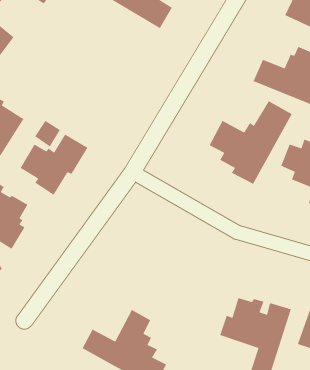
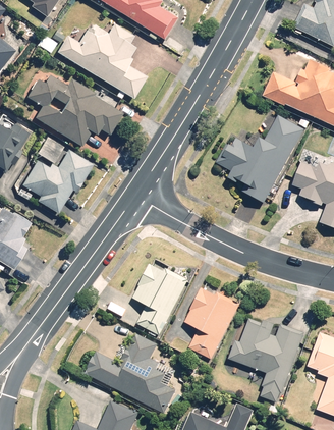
building: none -> [39,22,147,99]
building: none -> [27,73,124,147]
building: none -> [132,263,186,334]
building: none -> [182,286,239,357]

